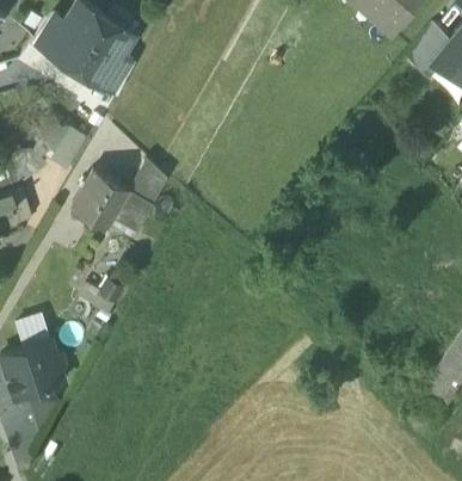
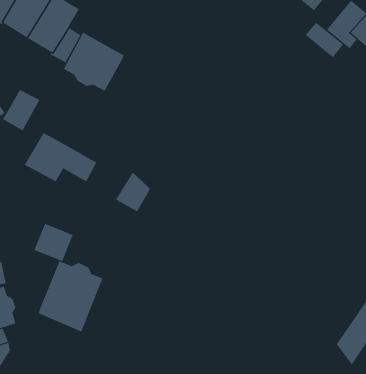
building: none -> [305,22,344,58]
building: none -> [63,32,124,92]
building: [127,160,166,205] -> [115,171,151,212]
building: none -> [38,261,103,332]

